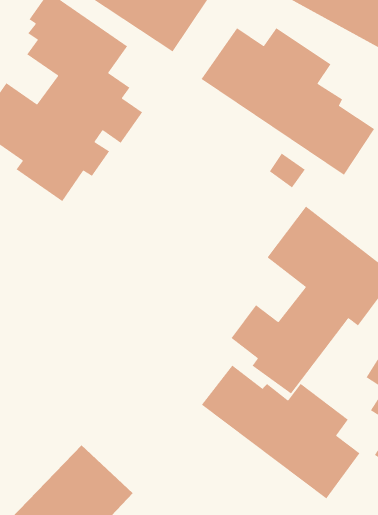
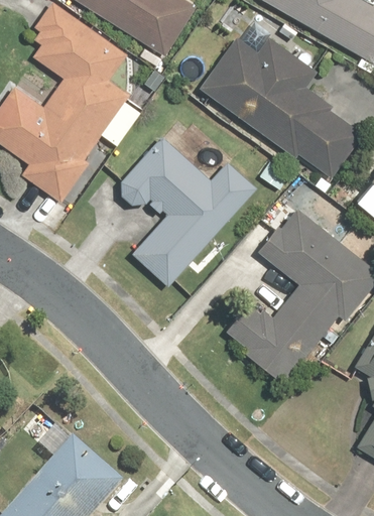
building: none -> [112,135,258,285]
building: [201,365,360,499] -> none

